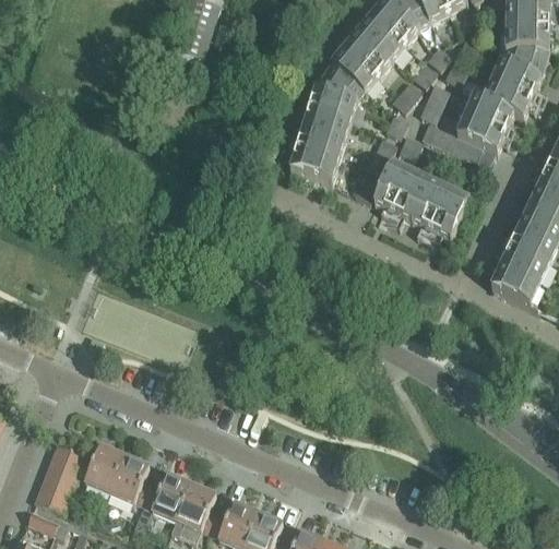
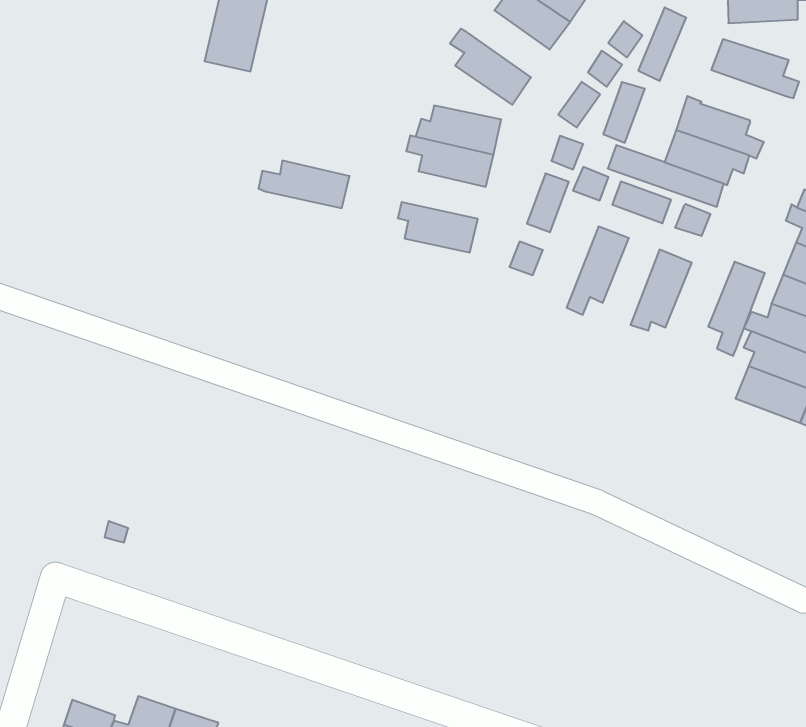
building: [340,33,391,76] -> none
building: [500,52,548,79] -> none
building: [316,65,365,102] -> none
building: [483,81,538,120] -> none
building: [286,130,344,163] -> [258,161,350,208]
building: [373,164,413,218] -> none
building: [412,182,450,241] -> [708,262,765,356]

